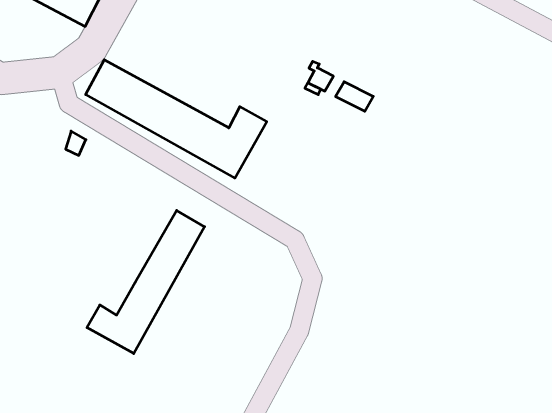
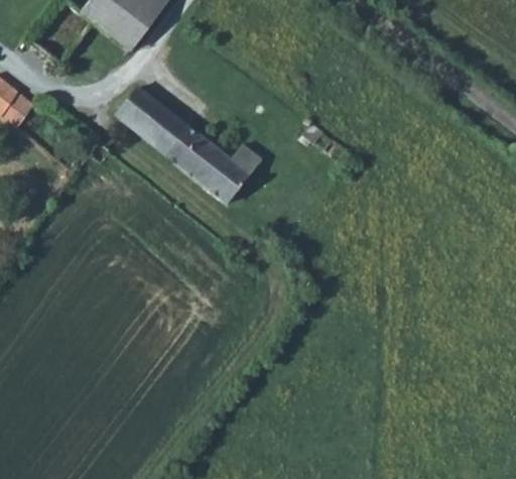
building: [87,210,205,354] -> none

